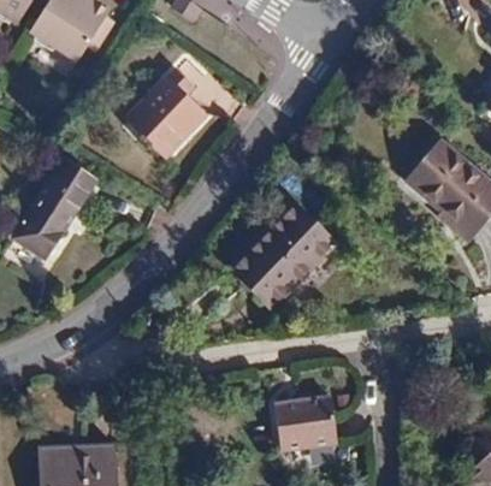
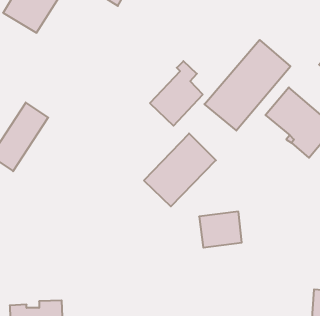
building: [128,66,203,159] -> [150,61,203,126]
building: none -> [204,40,290,131]
building: [274,399,336,451] -> [199,212,242,248]

